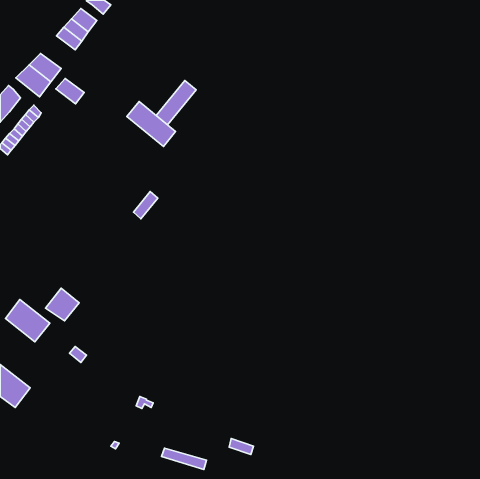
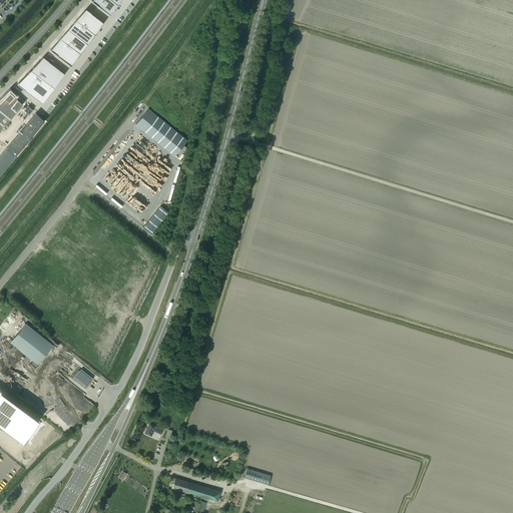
building: [56,79,84,104] -> [50,39,80,66]
building: [156,80,196,125] -> none
building: [45,288,79,321] -> none

